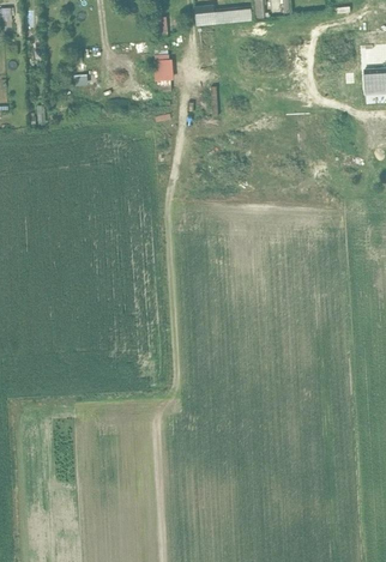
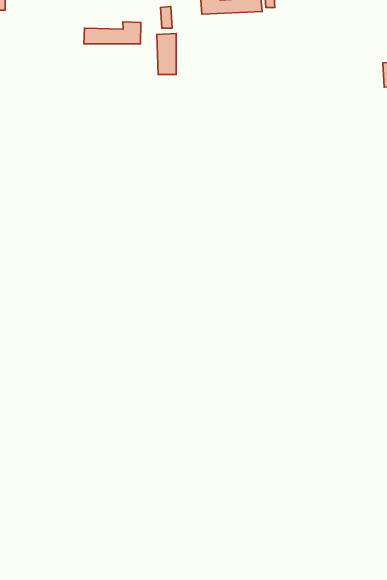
building: none -> [84,22,141,44]

